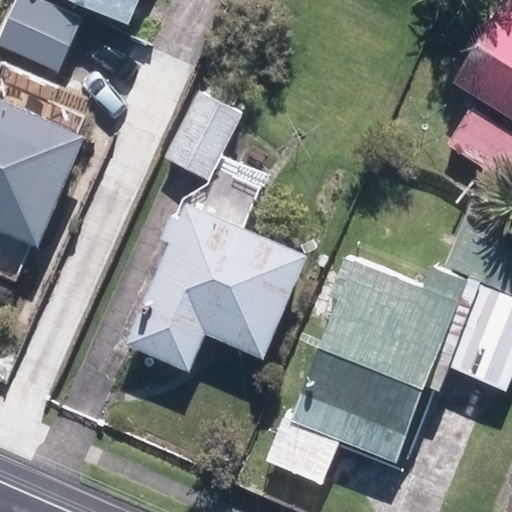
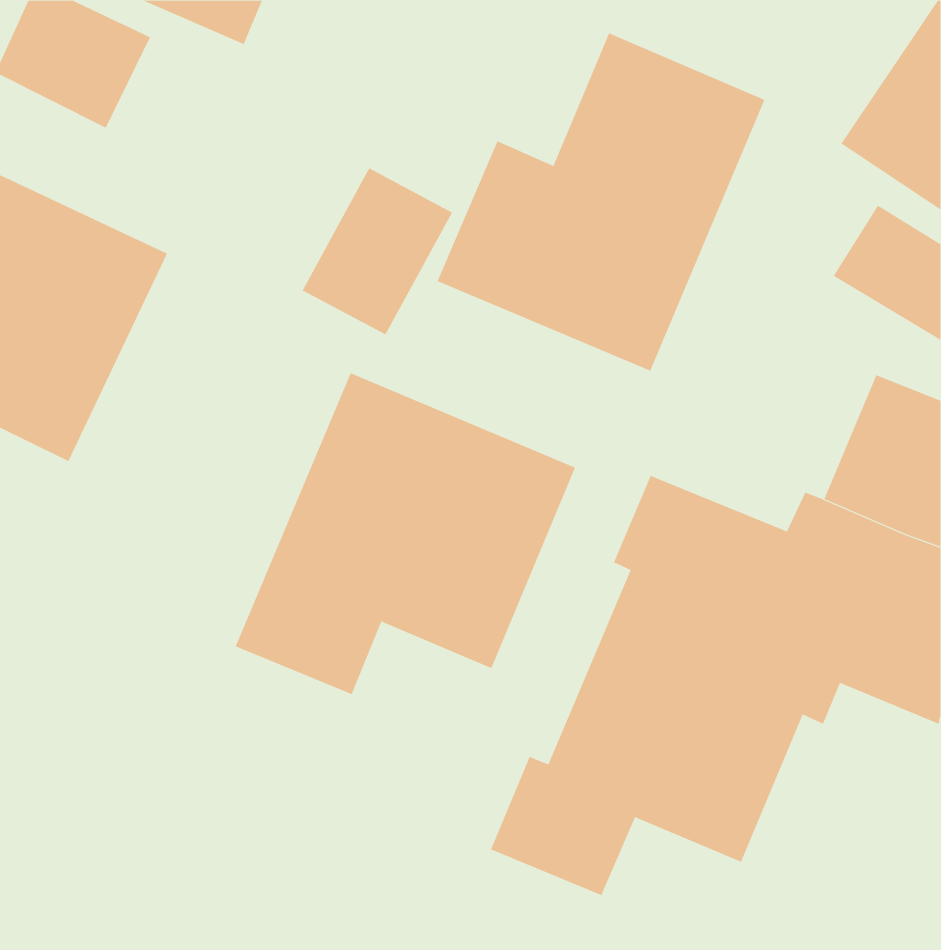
building: none -> [437,32,765,371]

